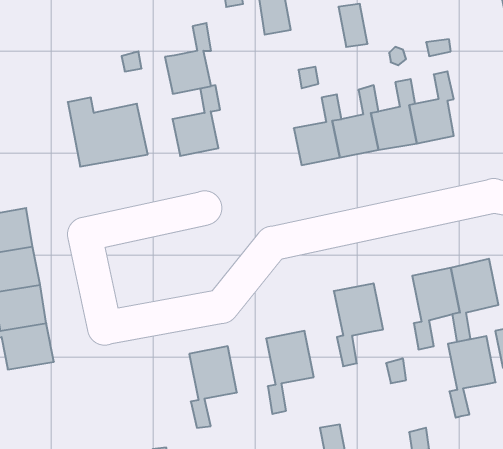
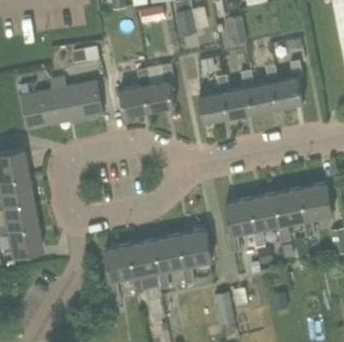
building: [165,23,211,94] -> [144,65,175,111]
building: none -> [21,91,59,129]
building: [448,336,496,418] -> [251,195,282,248]
building: none -> [155,236,187,290]
building: none -> [105,246,136,300]

